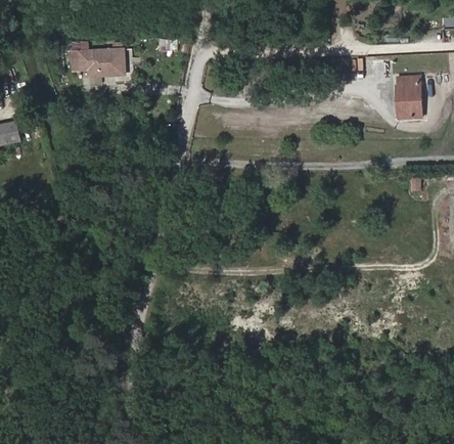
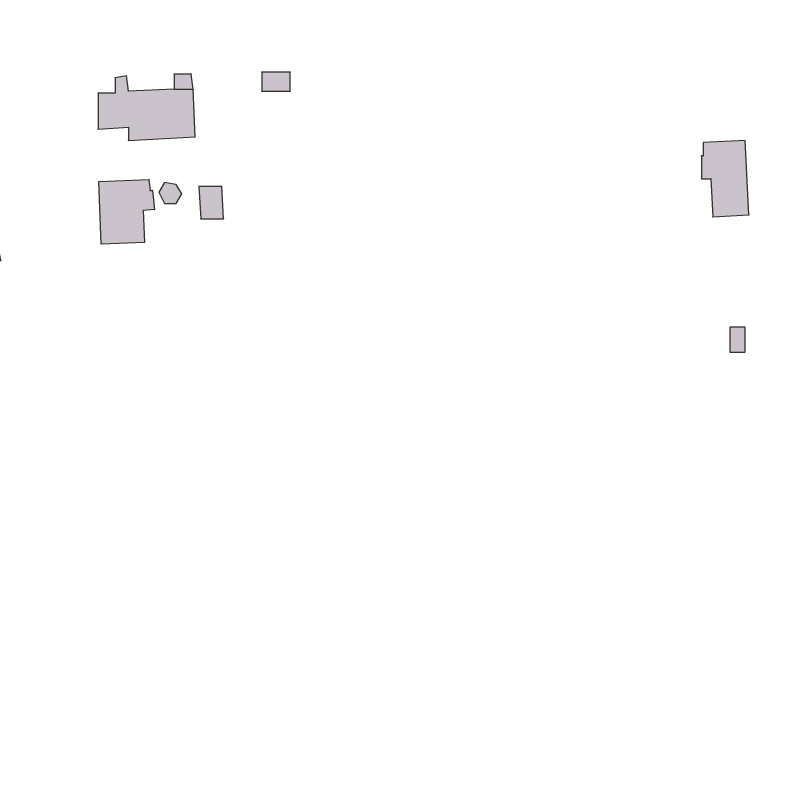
building: none -> [99,179,155,244]

